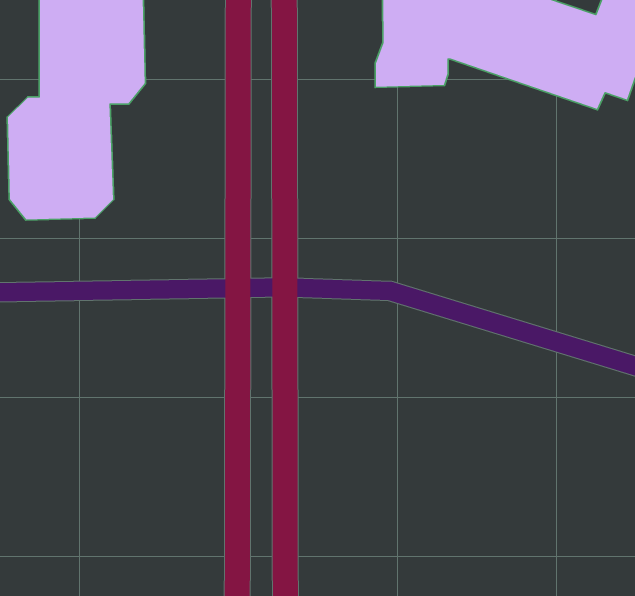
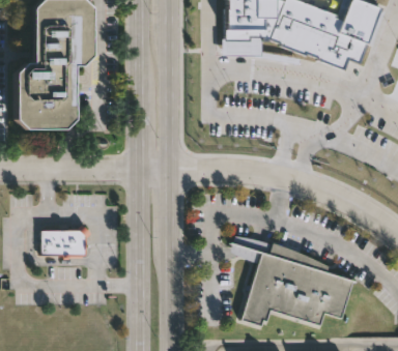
building: none -> [40,229,87,257]
building: none -> [232,235,352,328]

